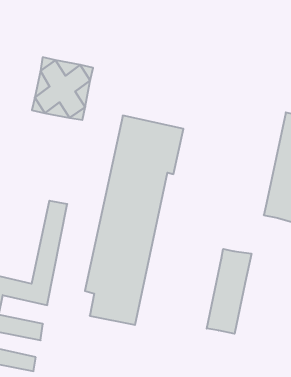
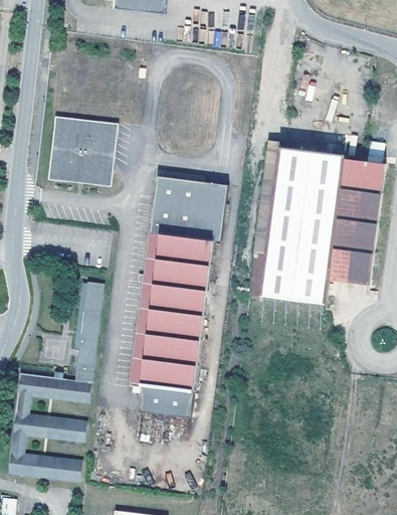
building: none -> [251,146,344,307]
building: [207,249,251,334] -> none

